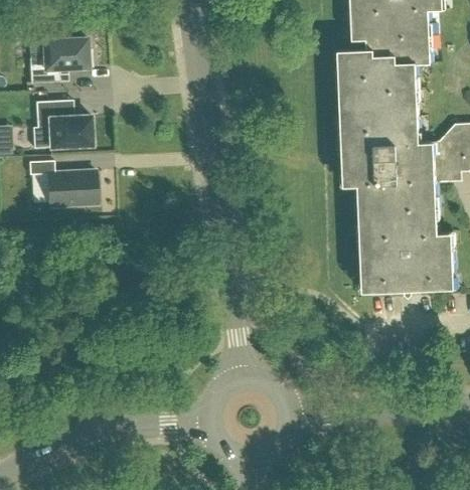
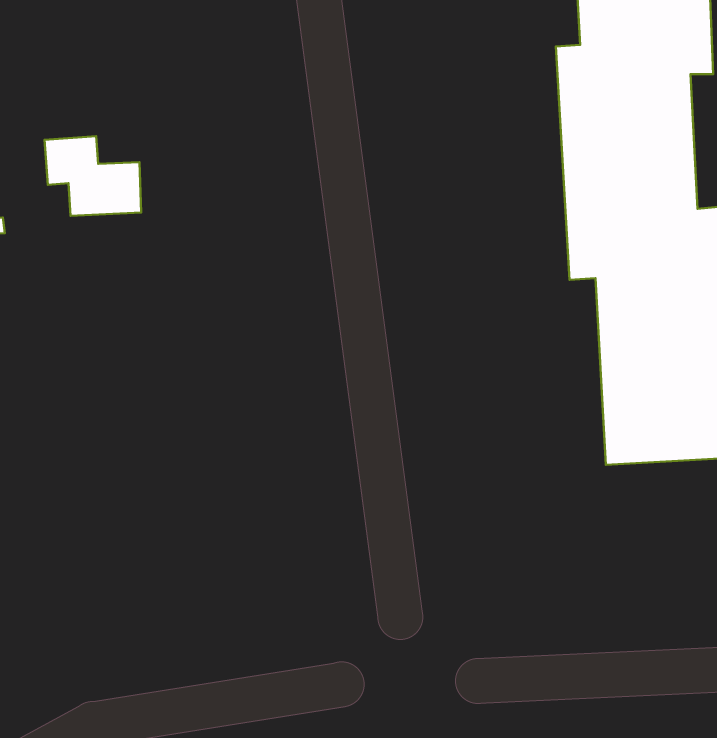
building: [31,38,94,84] -> none
building: [30,161,99,206] -> none

